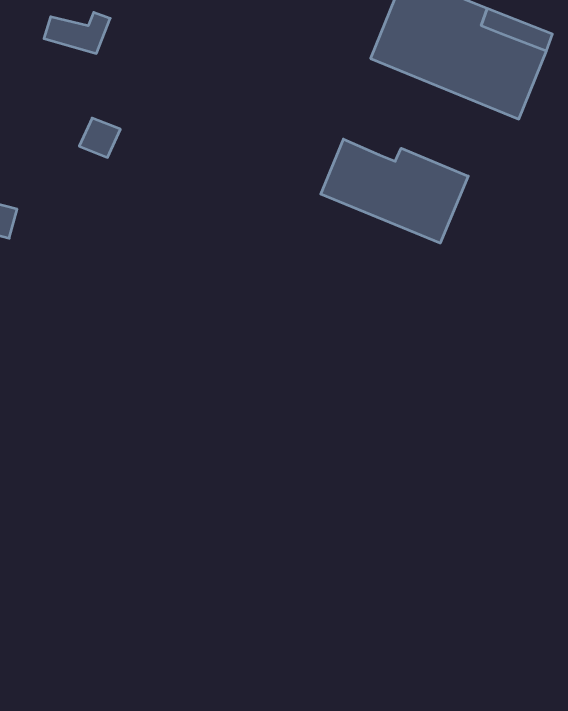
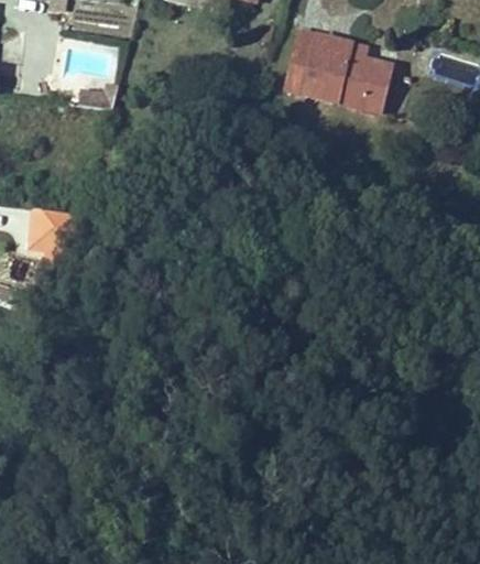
building: [321,139,468,243] -> none

